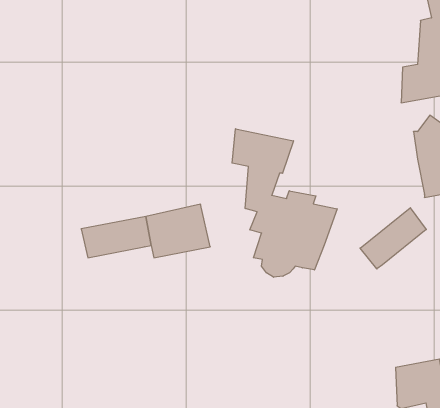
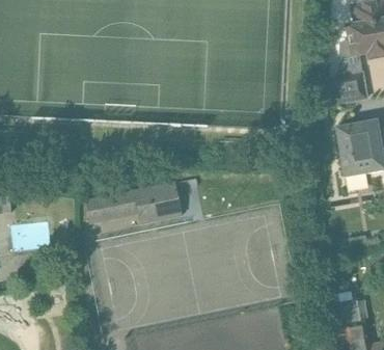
building: [232,129,337,277] -> none
building: [360,208,426,269] -> none

